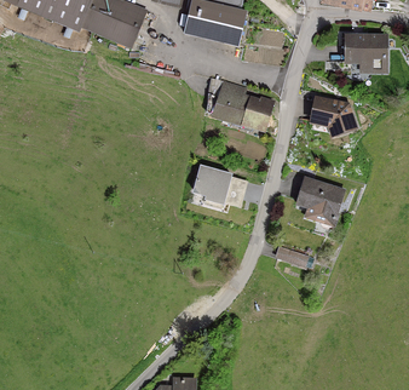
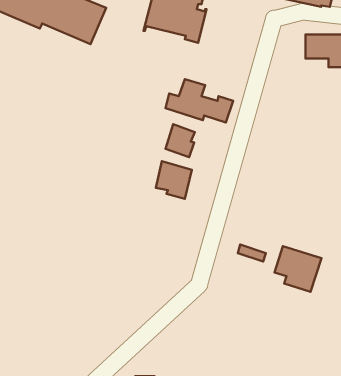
building: [312,99,352,134] -> none
building: none -> [166,124,195,157]
building: [296,178,344,224] -> [274,246,322,292]

